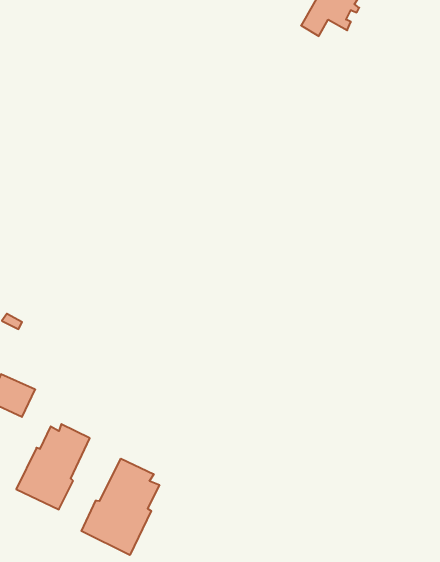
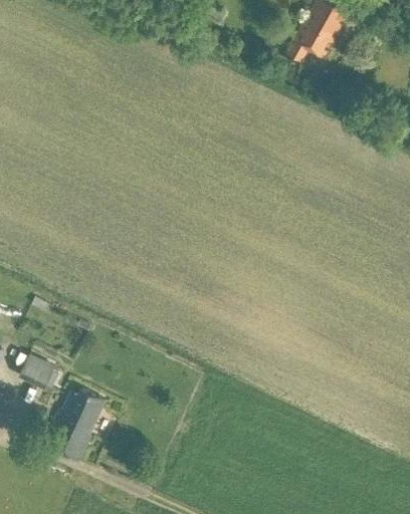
building: [81,459,159,555] -> none

